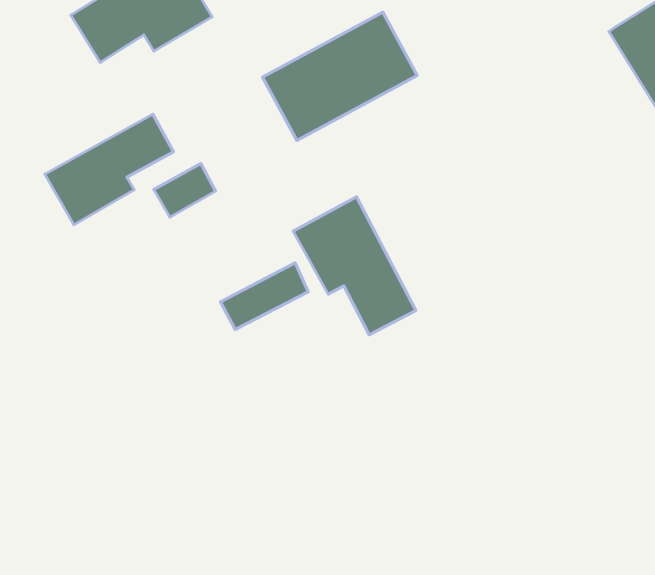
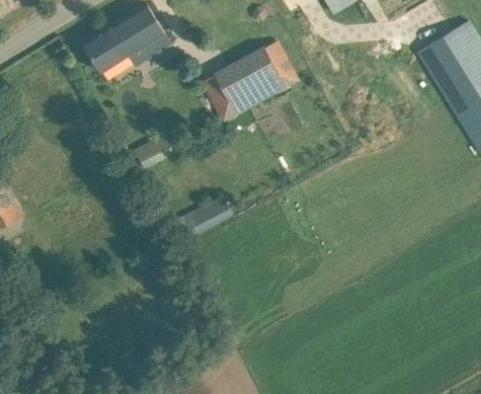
building: [45,114,174,225] -> none
building: [293,197,416,335] -> none

